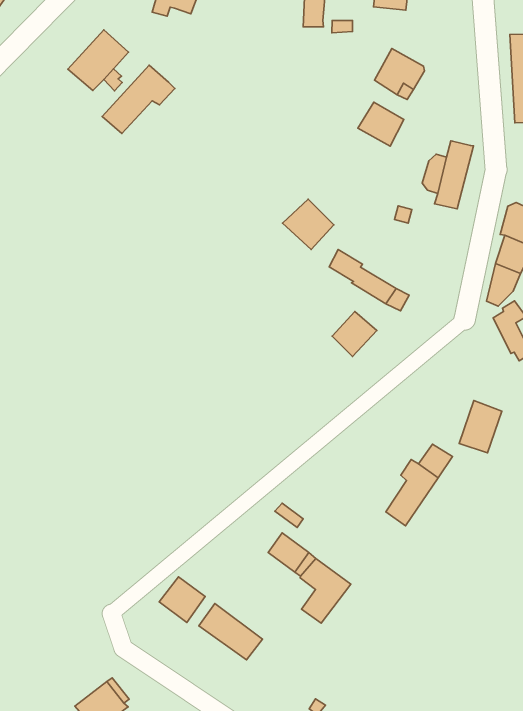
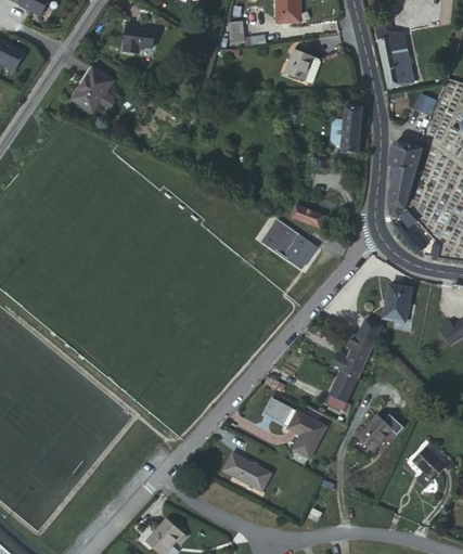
building: [102,65,175,133] -> none
building: [358,102,404,146] -> none
building: [282,199,334,250] -> [261,221,297,256]
building: none -> [325,372,356,413]
building: [159,577,205,622] -> none
building: none -> [357,416,391,450]
building: none -> [413,448,445,479]

